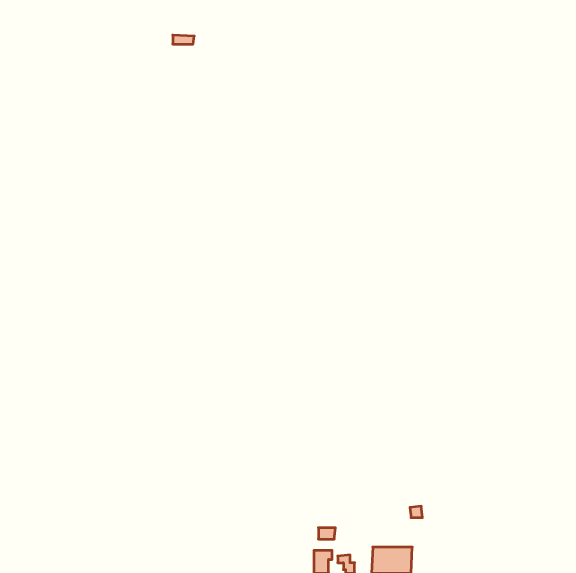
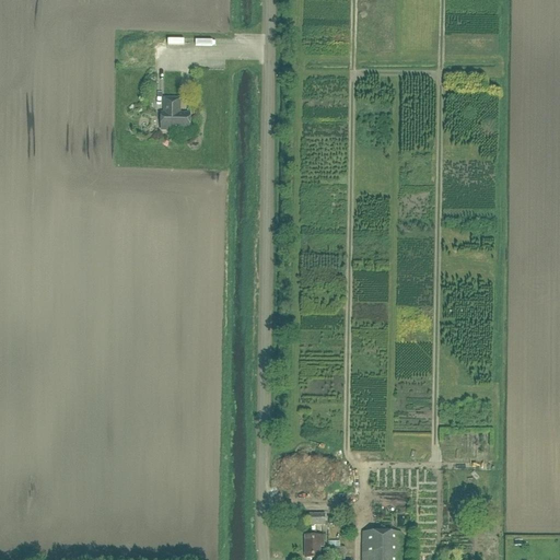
building: none -> [160,96,188,127]

